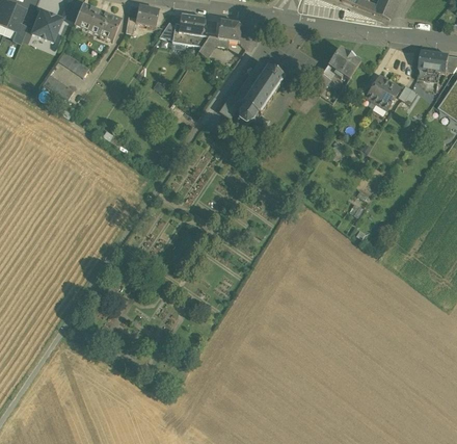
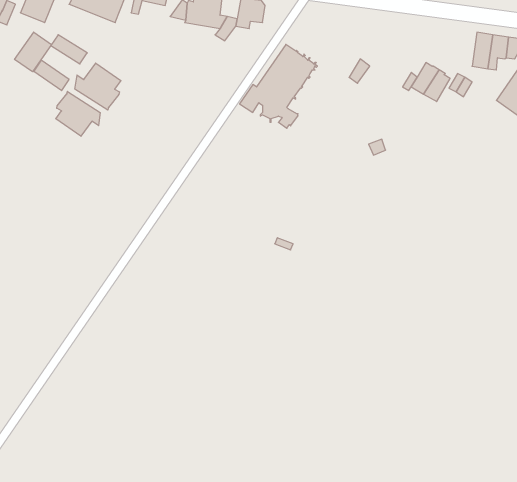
building: [328,47,360,78] -> none
building: none -> [15,32,52,72]
building: none -> [75,63,121,110]
building: none -> [56,91,100,136]

